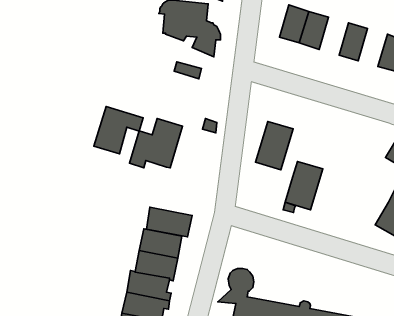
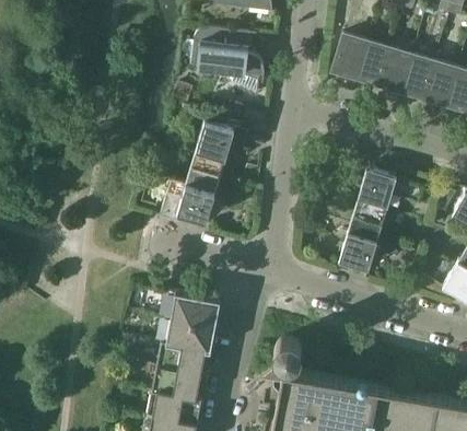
building: none -> [380,48,413,92]
building: none -> [424,61,458,105]
building: [94,106,143,154] -> [192,119,249,174]
building: [255,121,293,170] -> [354,167,398,223]
building: [146,207,192,237] -> none

